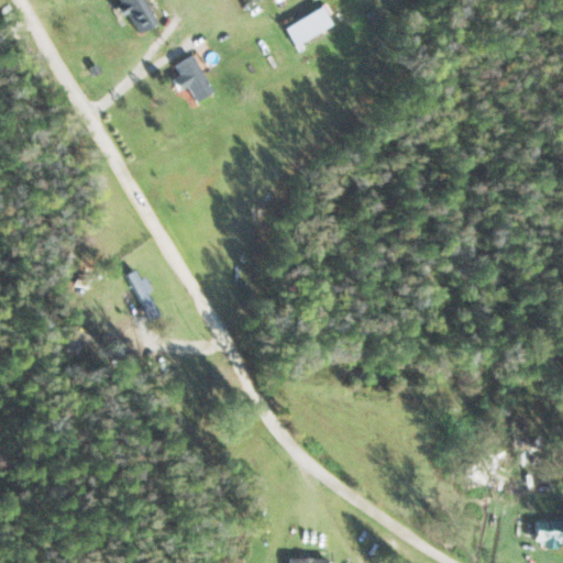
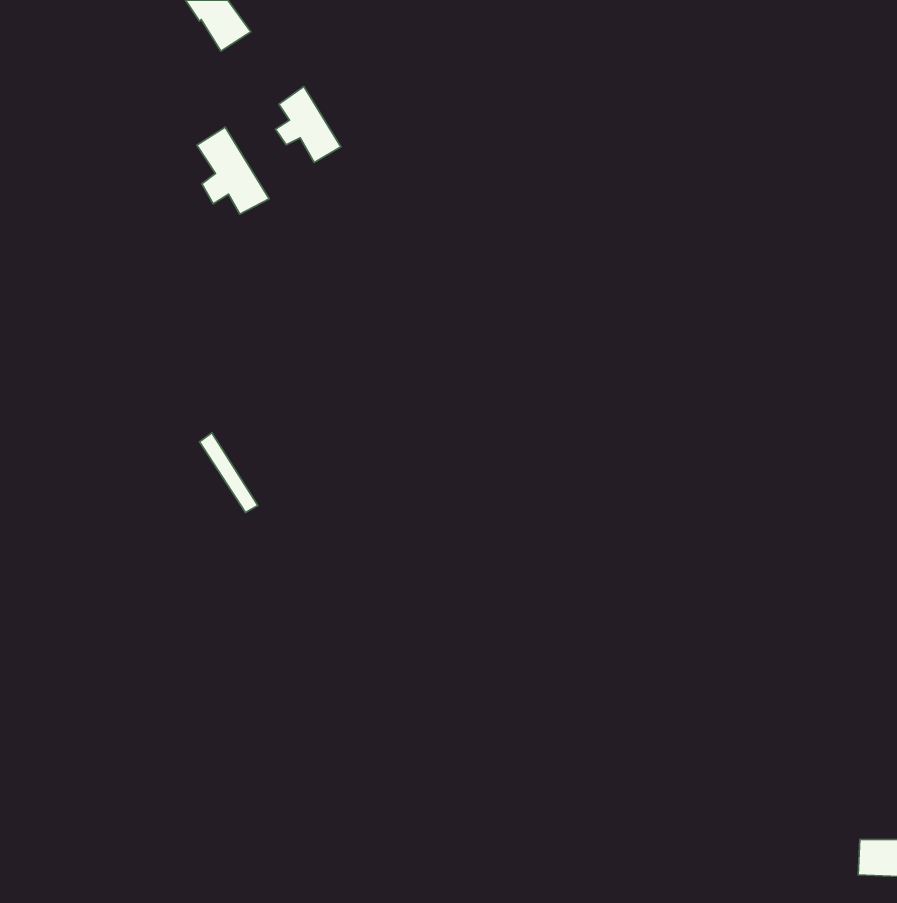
building: [287,5,334,45] -> none
building: none -> [197,127,269,214]

